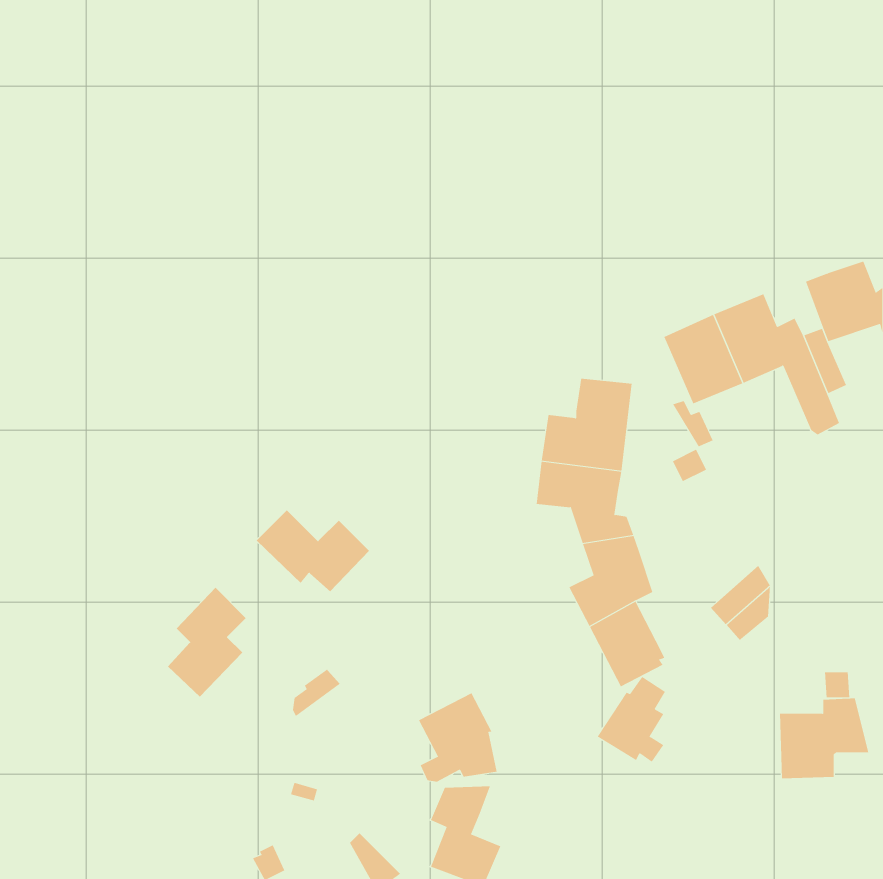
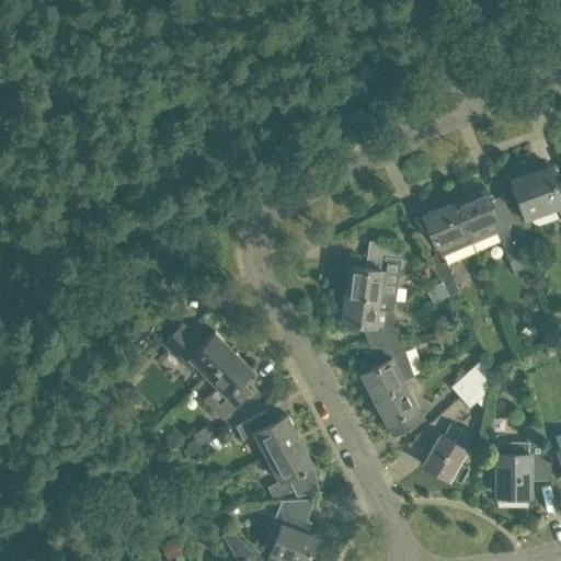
building: [167,587,247,697] -> [204,352,254,422]
building: none -> [234,414,299,459]
building: [597,676,666,763] -> [424,426,468,481]

